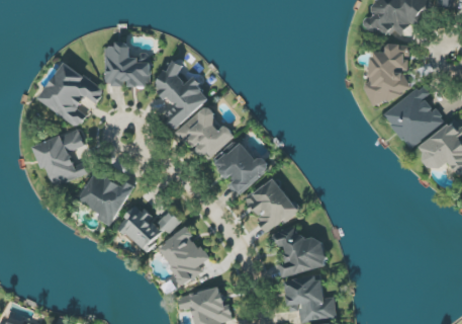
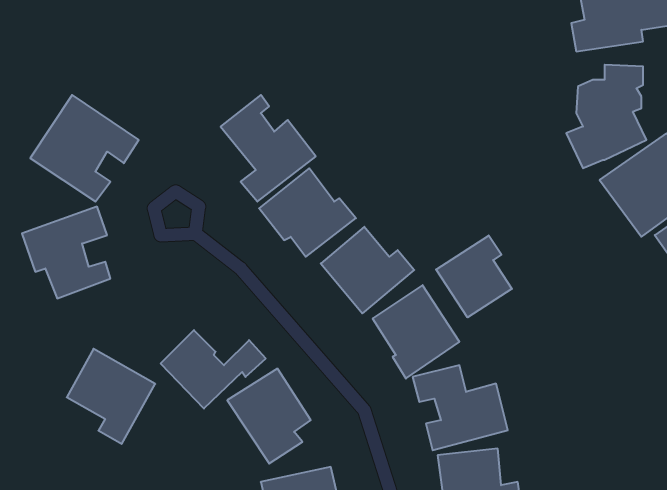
building: [104,43,150,86] -> none
building: none -> [436,235,512,317]
building: [77,169,130,227] -> [67,349,155,444]

